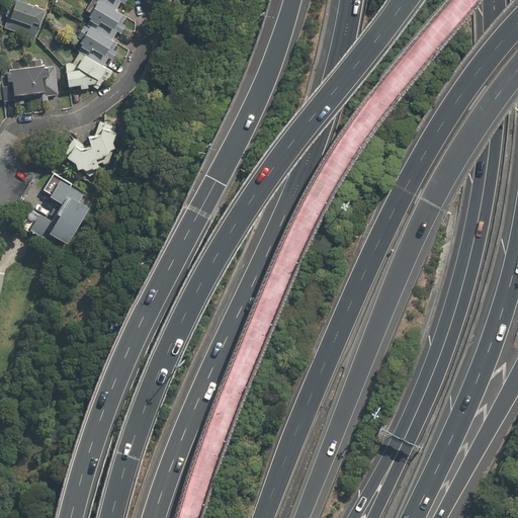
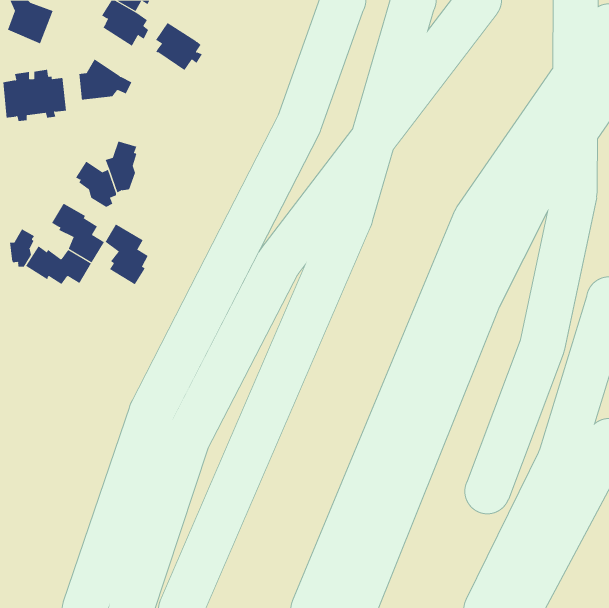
building: [77,24,117,66] -> [155,22,203,71]
building: none -> [105,224,148,285]
building: none -> [9,228,35,267]

